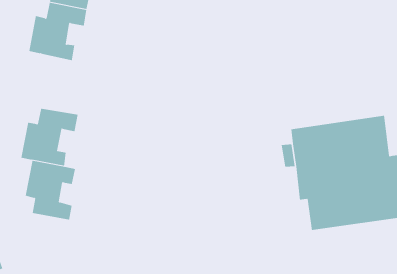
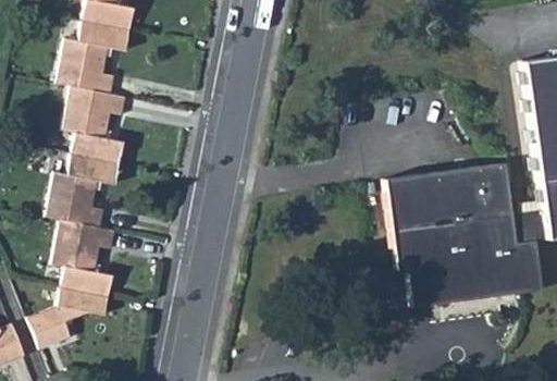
building: none -> [62,85,125,161]
building: none -> [27,285,108,348]

